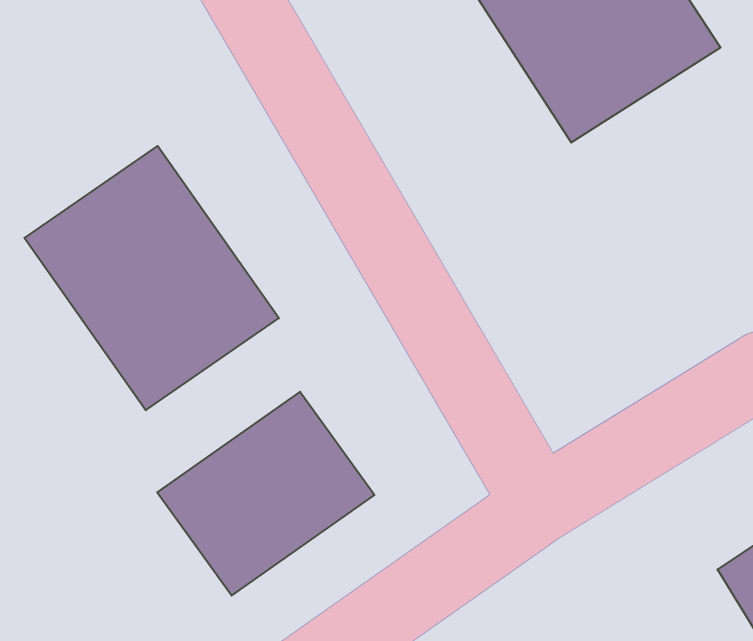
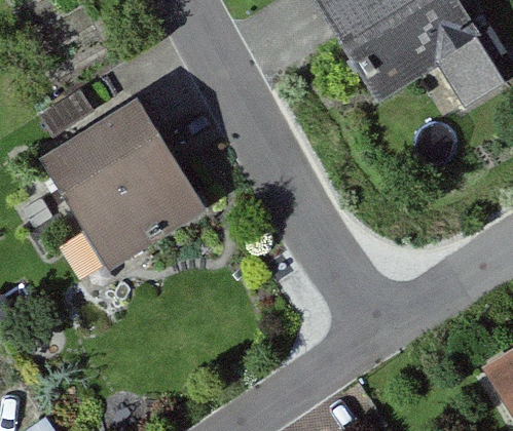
building: [157,392,374,596] -> none

